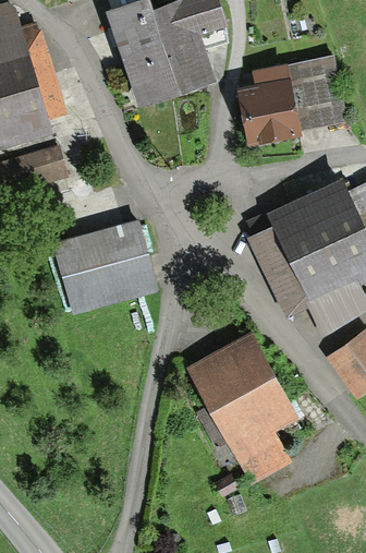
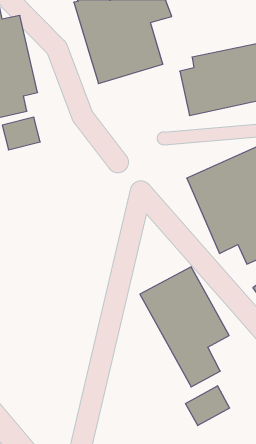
building: [51,220,158,313] -> none
building: none -> [186,386,230,426]

